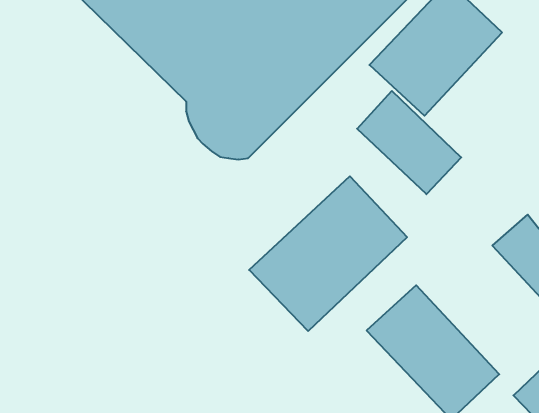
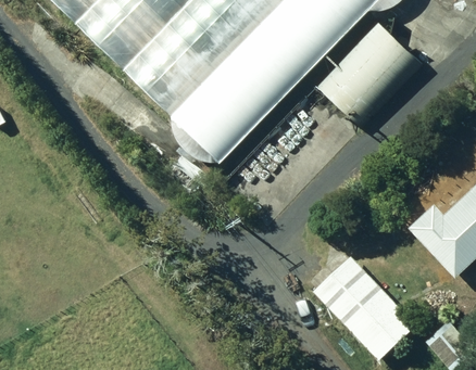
building: [357,91,461,194] -> none
building: [249,176,407,331] -> none

